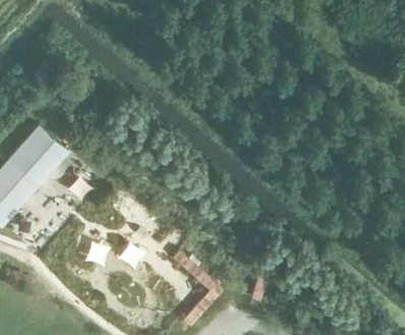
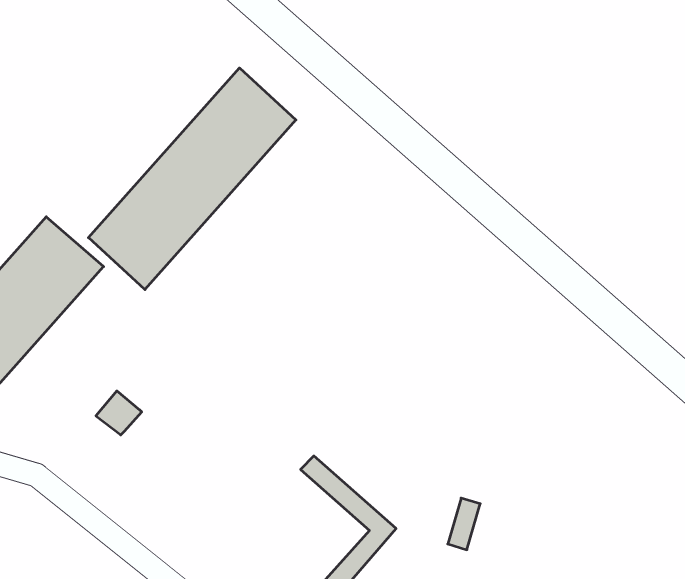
building: none -> [88,68,296,290]

